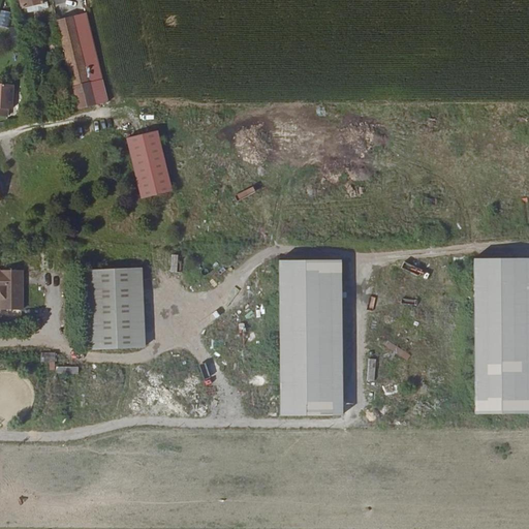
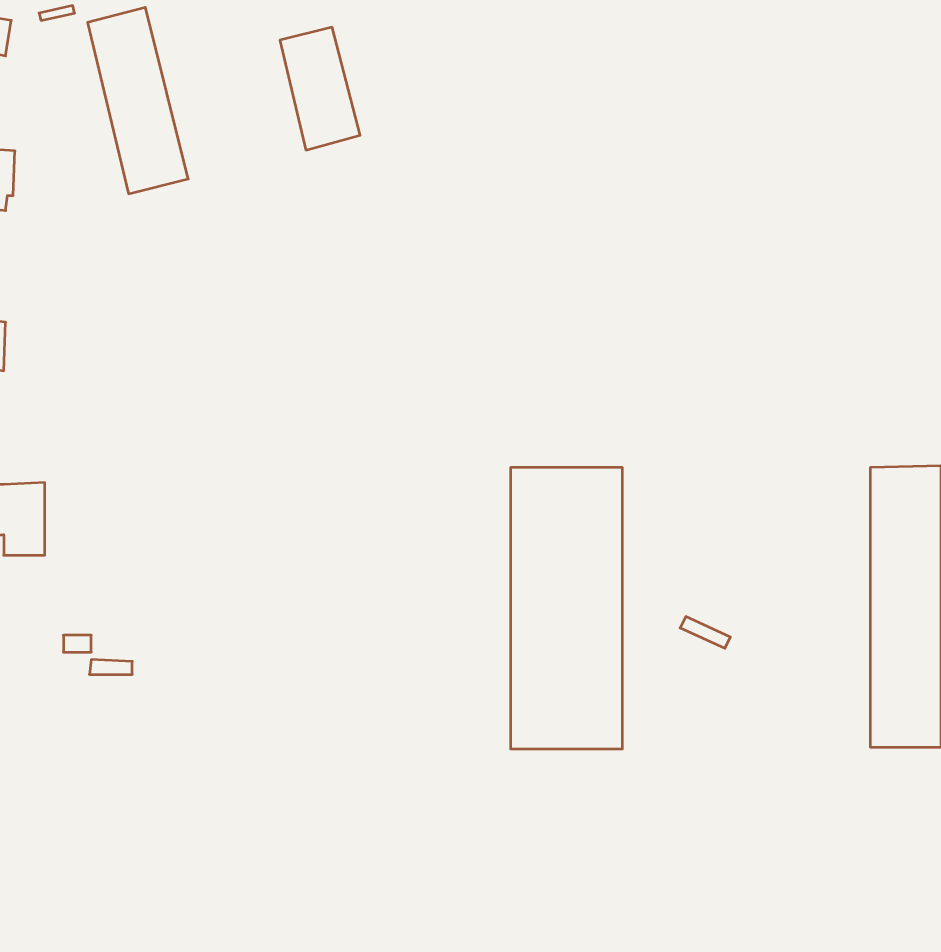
building: [122,126,166,194] -> [280,27,360,150]
building: [90,268,146,346] -> none

